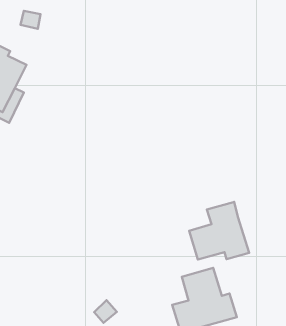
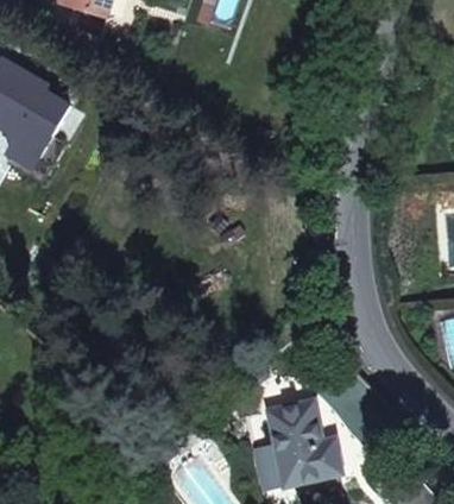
building: [189,202,249,259] -> none

